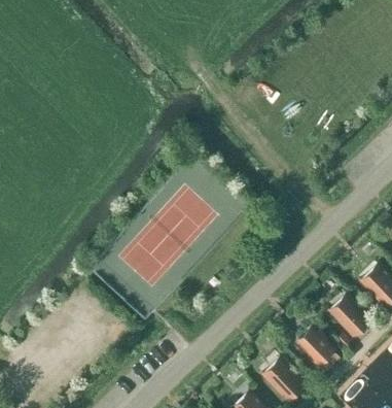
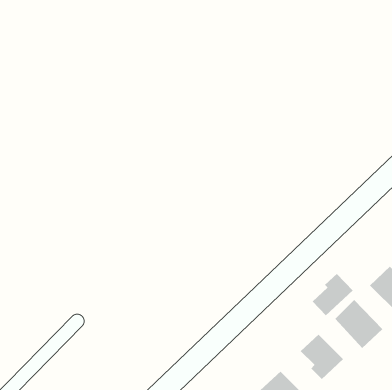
building: none -> [312,273,354,316]

